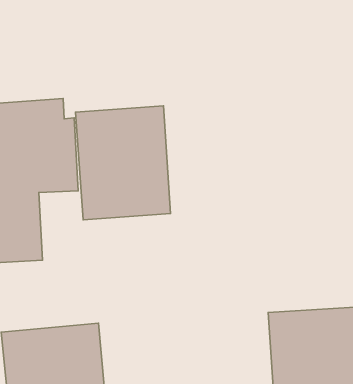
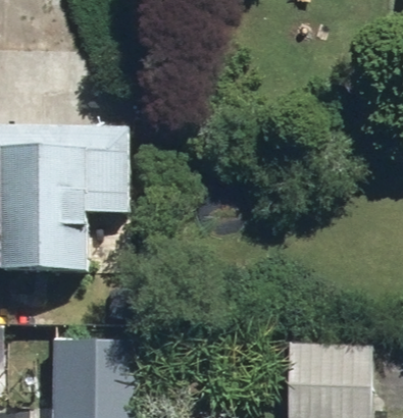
building: [75,106,171,220] -> none

